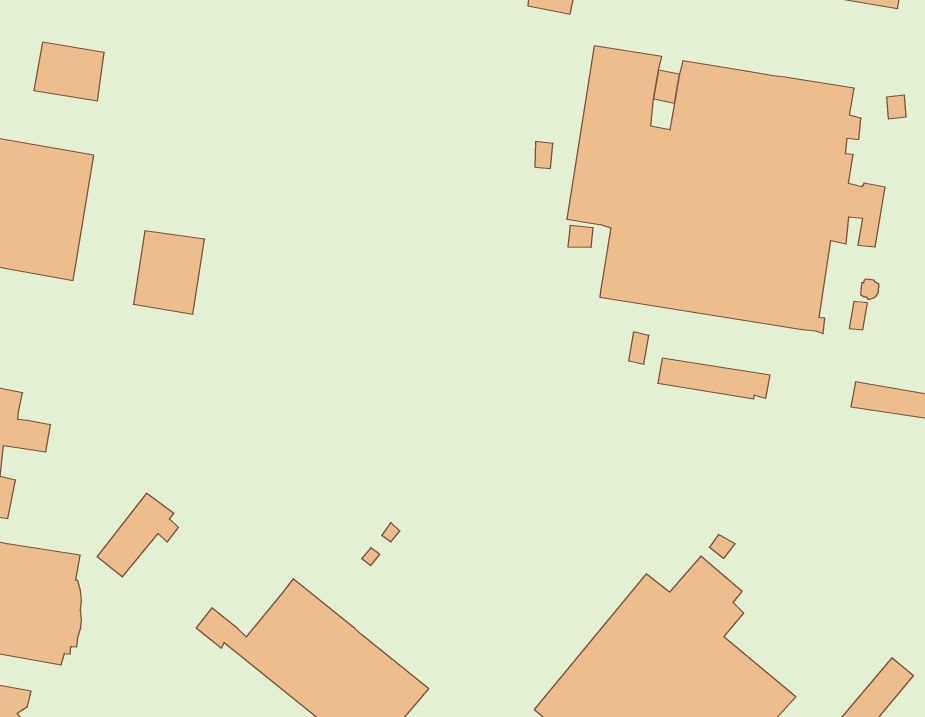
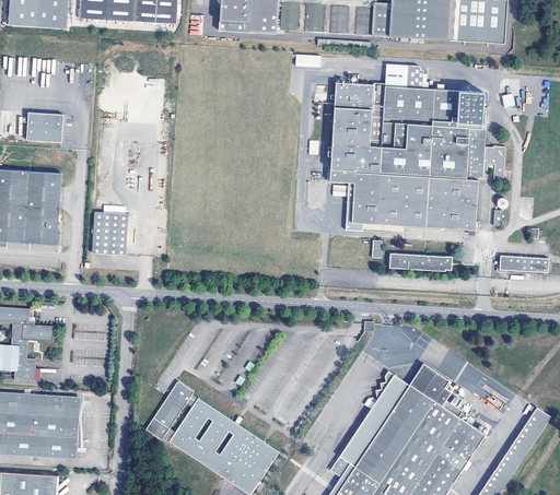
building: none -> [385,64,422,89]
building: [97,493,178,577] -> [153,380,197,428]

